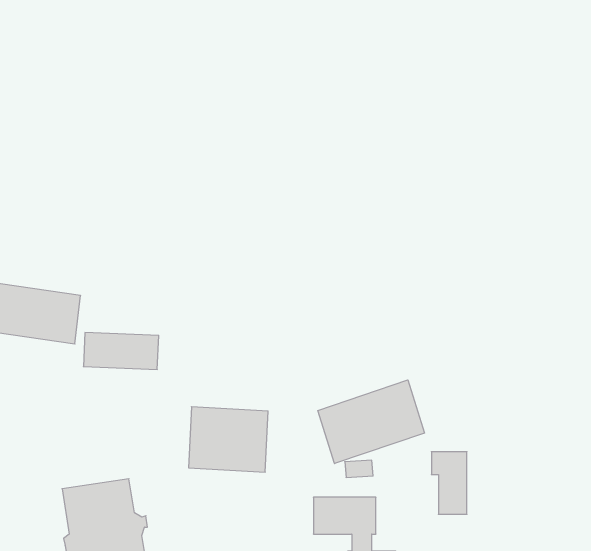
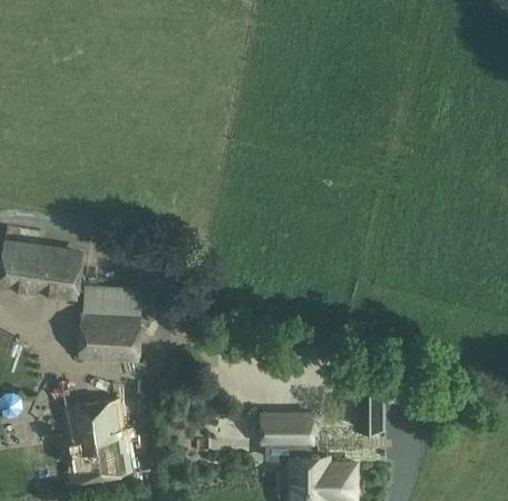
building: [318,380,424,464] -> none
building: [189,407,268,472] -> [78,311,140,362]

